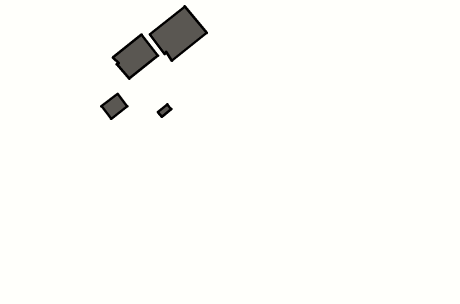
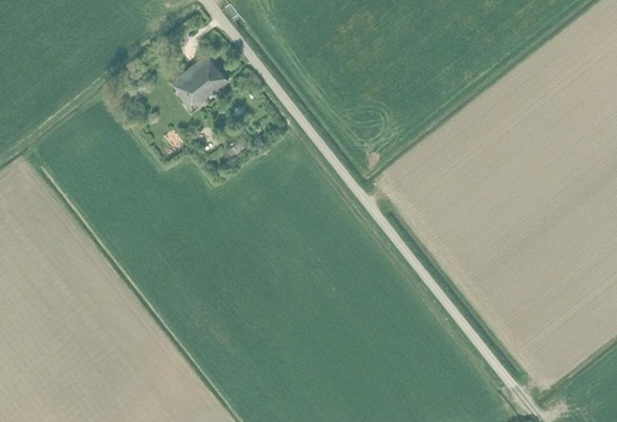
building: [150,6,207,61] -> none

